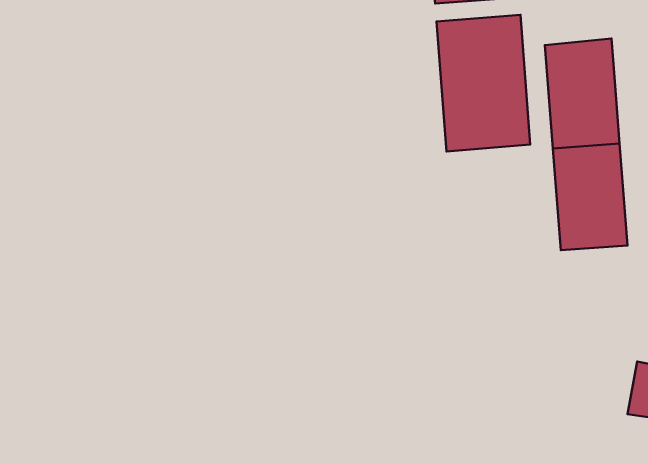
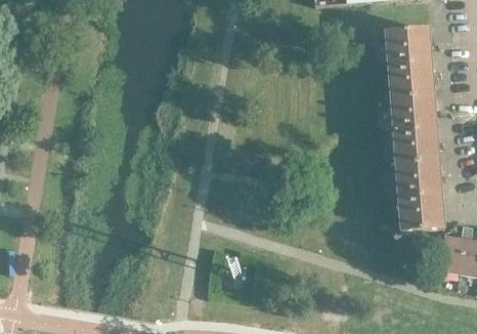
building: [437,15,530,152] -> none
building: none -> [395,160,443,229]

